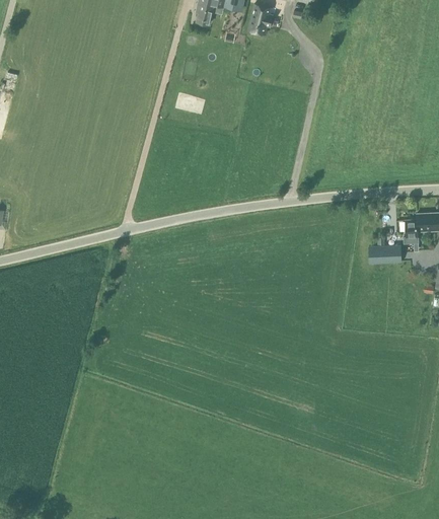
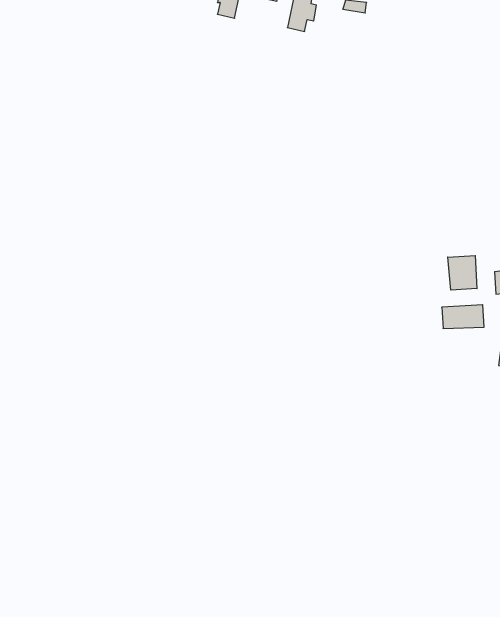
building: none -> [448,256,477,290]

